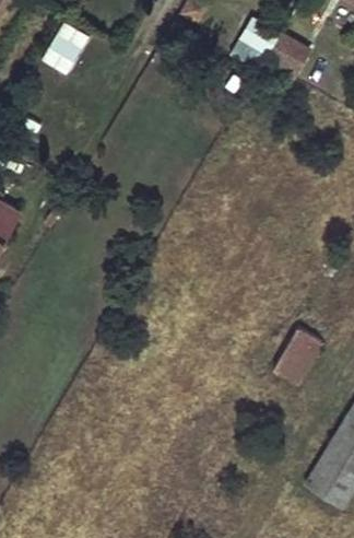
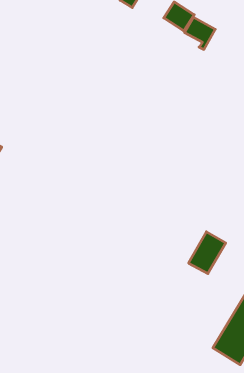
building: [42,23,88,77] -> none

